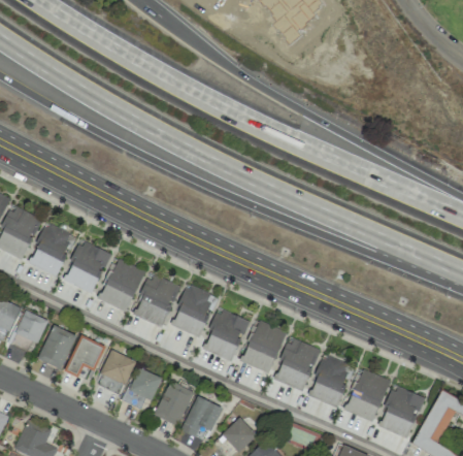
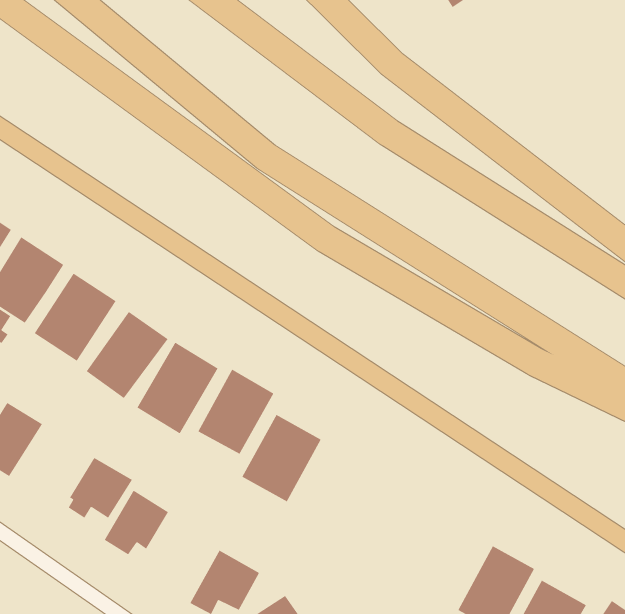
building: [243,321,285,372] -> none
building: [65,335,105,378] -> none
building: [274,337,321,391] -> none
building: [311,355,351,406] -> none
building: [155,381,194,426] -> none

